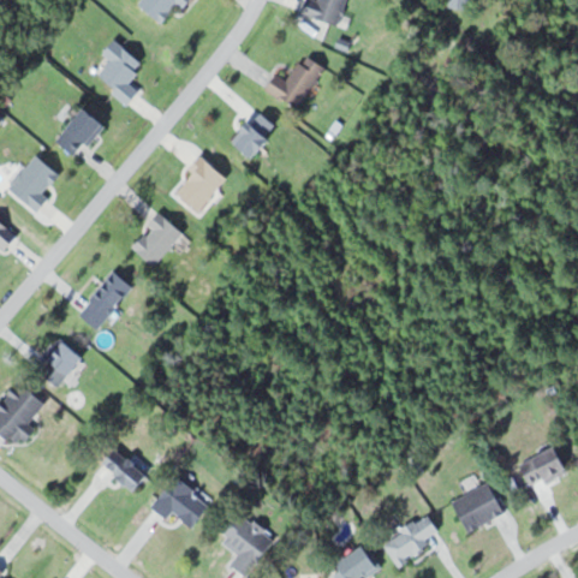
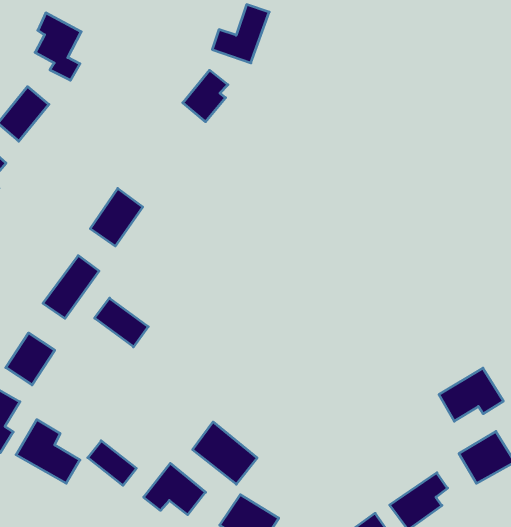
building: [171,156,225,213] -> none
building: none -> [95,298,148,347]
building: none -> [16,420,80,483]
building: none -> [439,368,503,421]
building: none -> [193,422,257,484]

